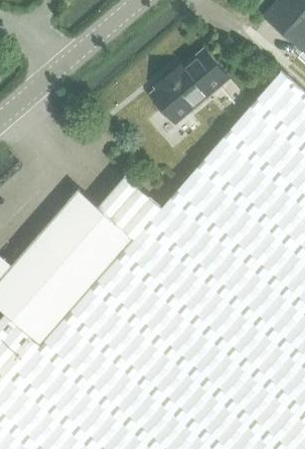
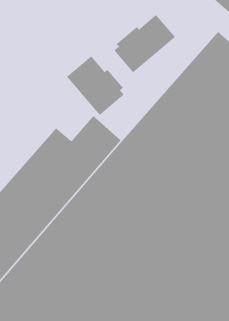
building: none -> [66,56,125,116]

